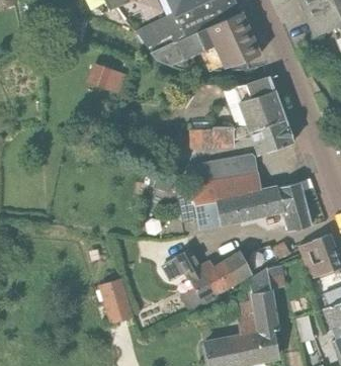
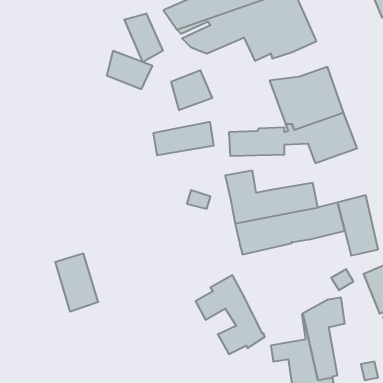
building: none -> [124,13,163,62]
building: none -> [171,70,212,110]
building: [208,152,258,179] -> [153,122,214,155]
building: [201,250,253,294] -> none
building: [99,277,135,325] -> [55,254,98,312]

